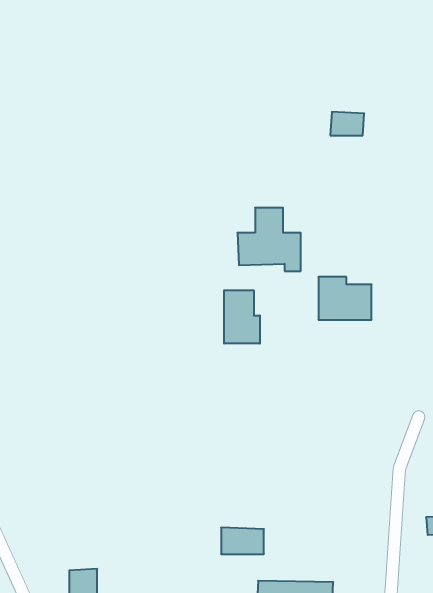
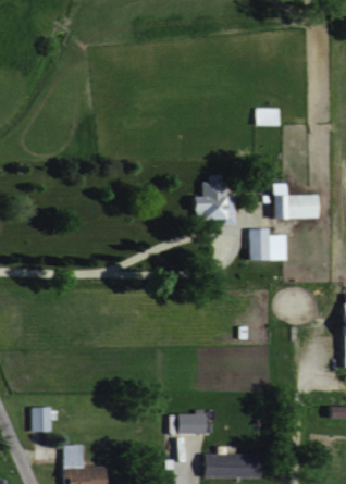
building: none -> [272,183,322,219]
building: [224,290,260,344] -> none
building: none -> [34,407,60,431]

